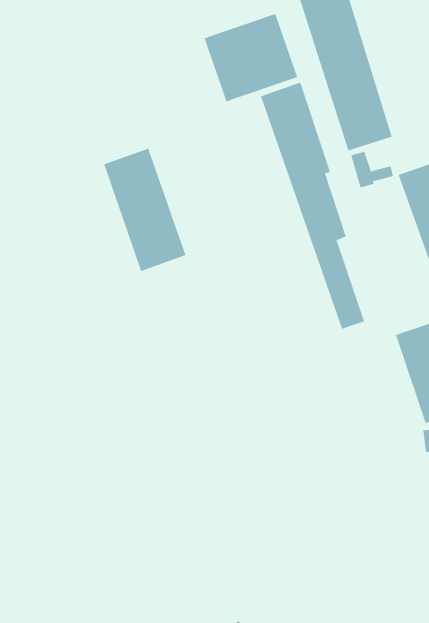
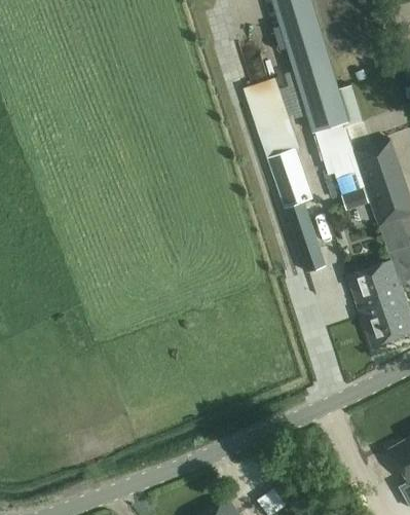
building: [204,13,298,102] -> none
building: [103,148,186,272] -> none

